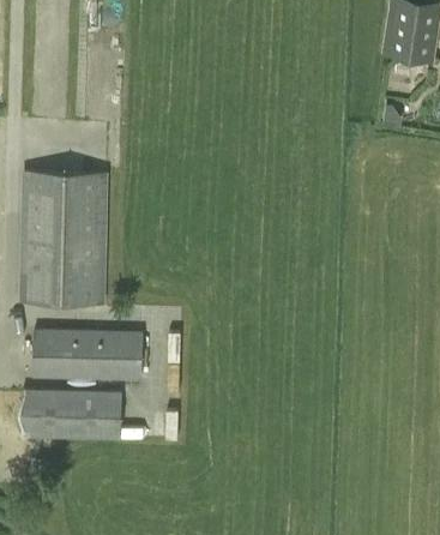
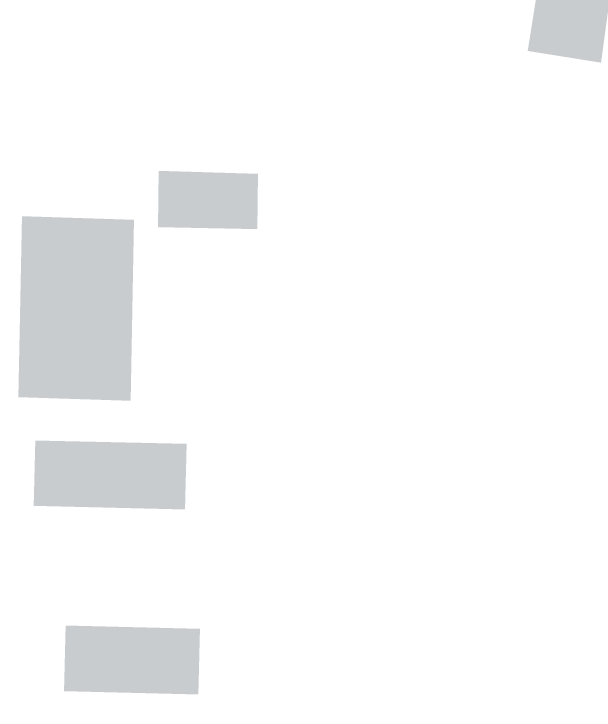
building: none -> [157,170,258,230]
building: [23,391,120,440] -> [63,625,201,695]

